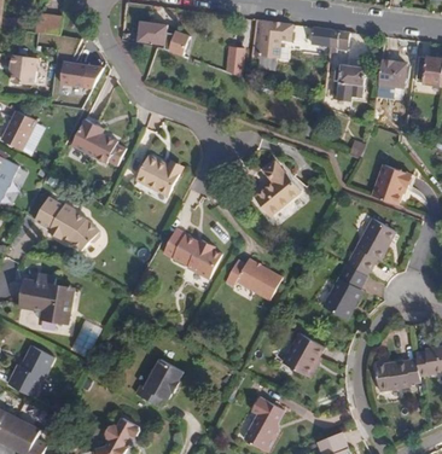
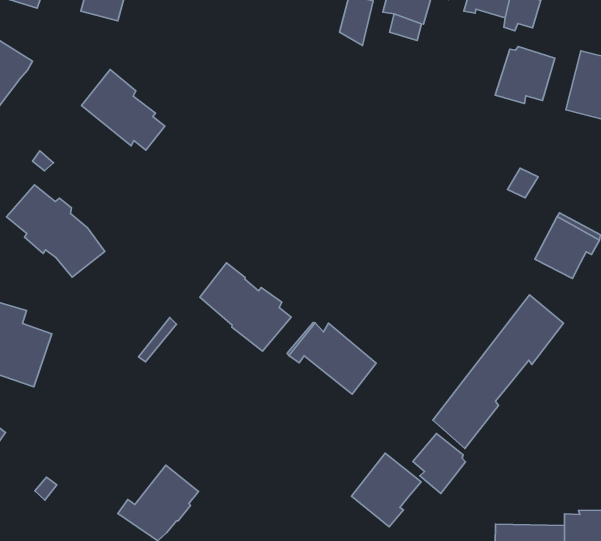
building: [135,153,182,194] -> none
building: [255,159,302,215] -> none
building: none -> [413,433,466,494]

